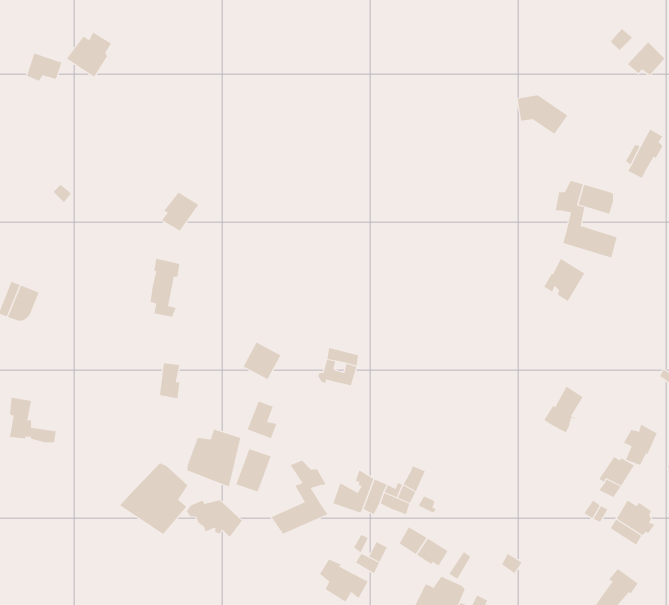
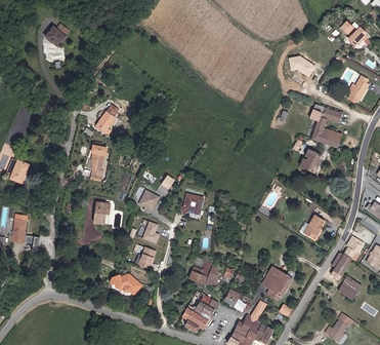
building: [187,429,241,487] -> none
building: [271,460,328,535] -> none
building: [119,462,188,535] -> none
building: none -> [261,265,292,299]

